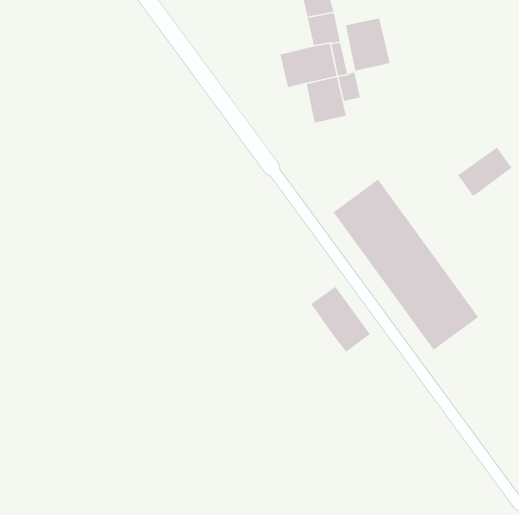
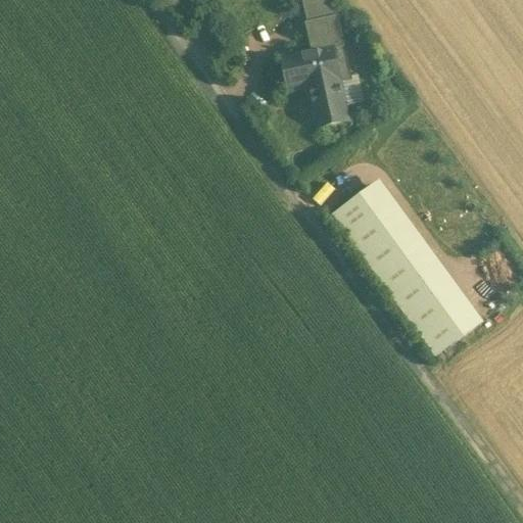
building: [345,17,391,71] -> none
building: [457,146,513,197] -> none
building: [310,286,371,353] -> none

